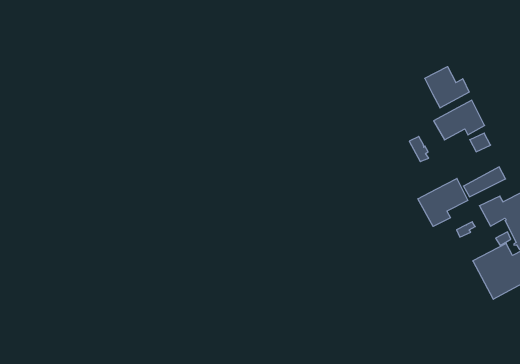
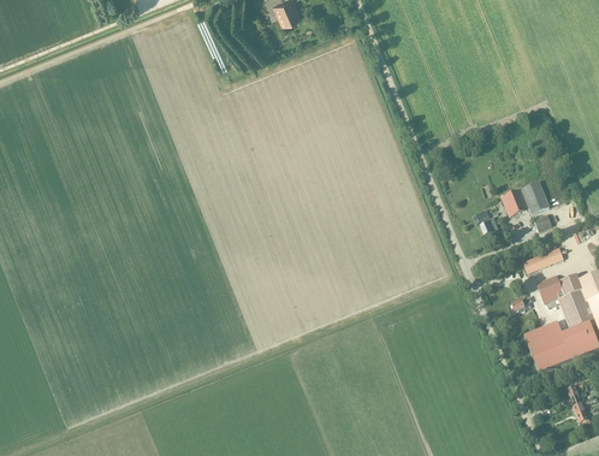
building: [425,67,469,108] -> none
building: [418,178,468,226] -> none

